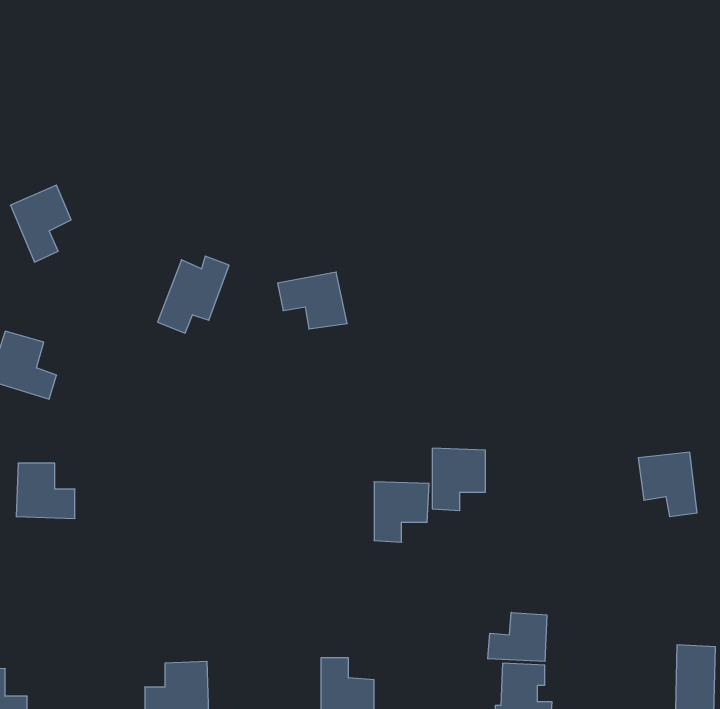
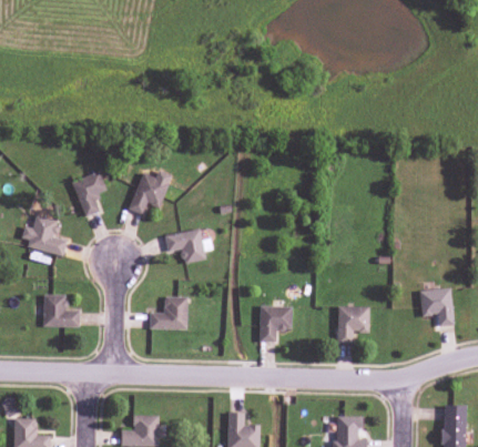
building: [10,185,71,262] -> [71,170,108,216]
building: [278,272,347,329] -> [164,228,206,263]
building: [432,448,485,511] -> [337,305,369,343]
building: none -> [149,296,189,329]
building: [488,612,547,661] -> none

